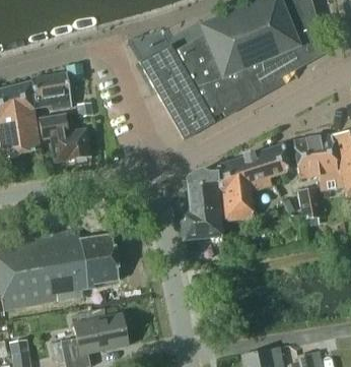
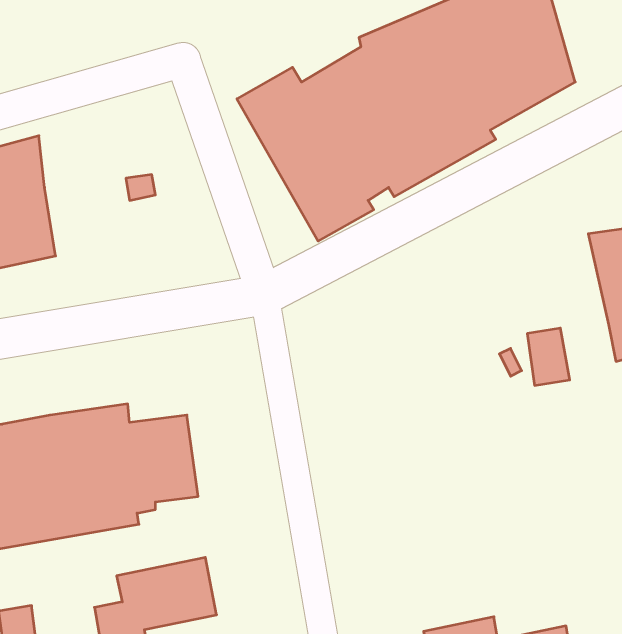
building: [31,71,72,109] -> none
building: [40,116,89,161] -> none
building: [294,134,343,189] -> none
building: [179,143,286,239] -> none

